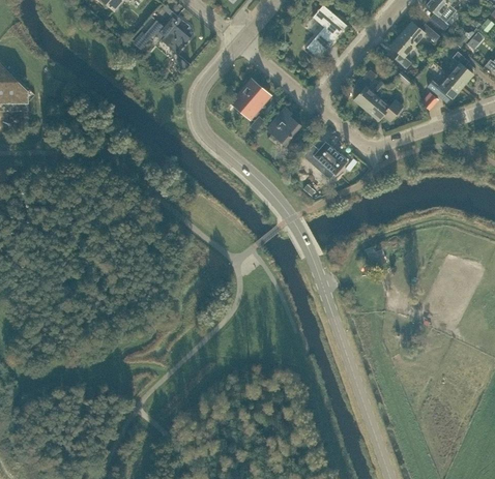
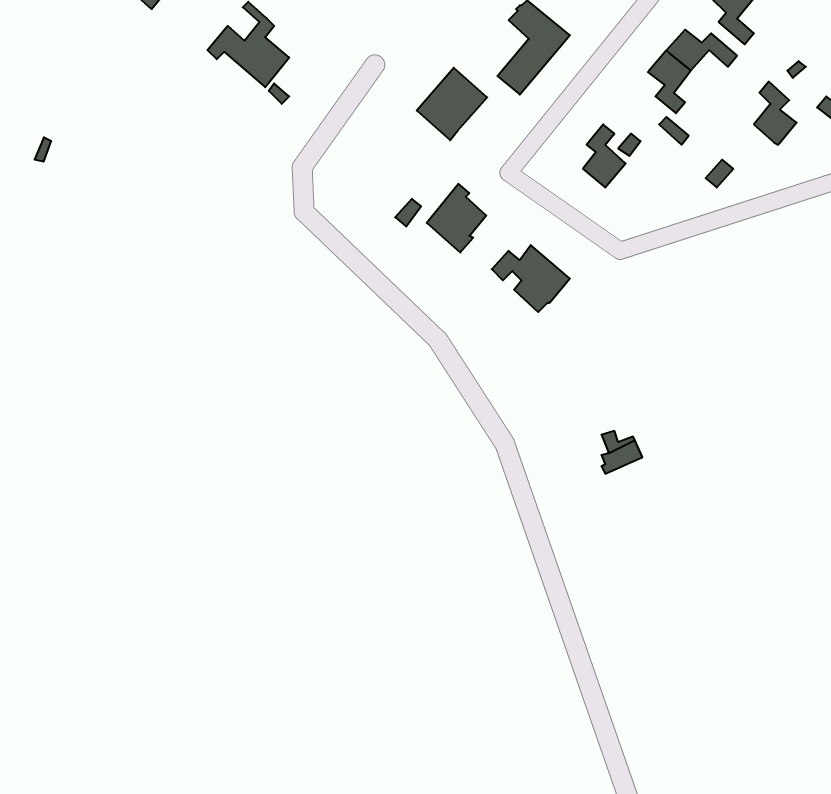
building: [428,76,463,99] -> none
building: [231,80,270,120] -> [417,68,487,140]
building: [367,97,403,121] -> none

